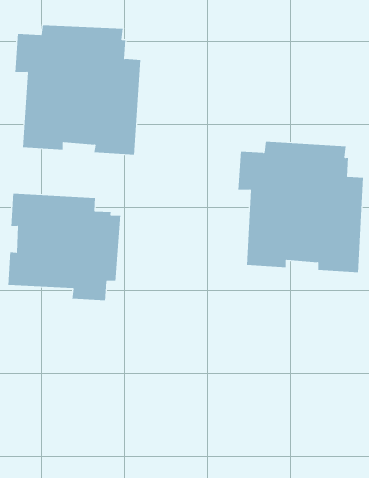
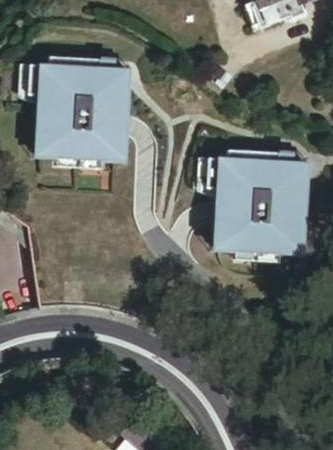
building: [8,193,121,301] -> none

